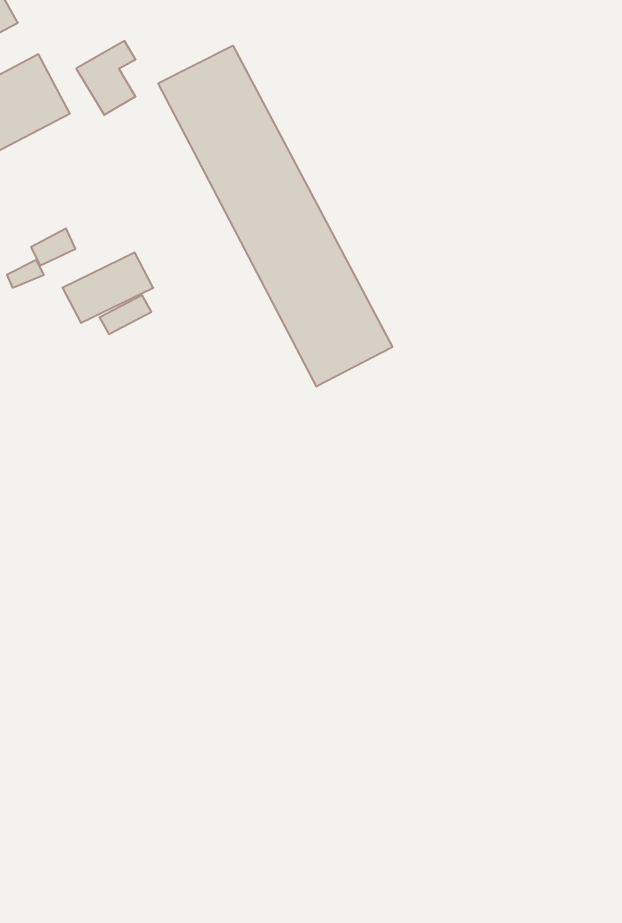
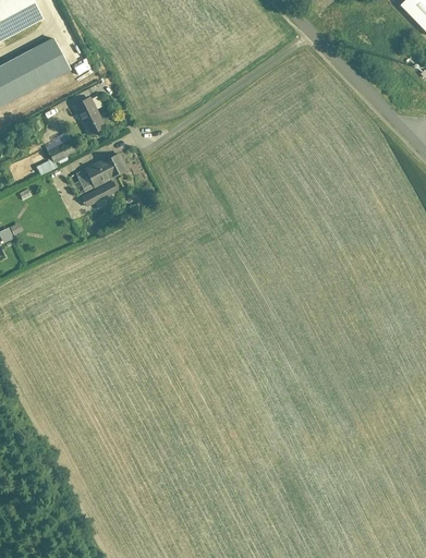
building: [76,41,136,115] -> [70,89,105,133]
building: [158,46,392,387] -> none

